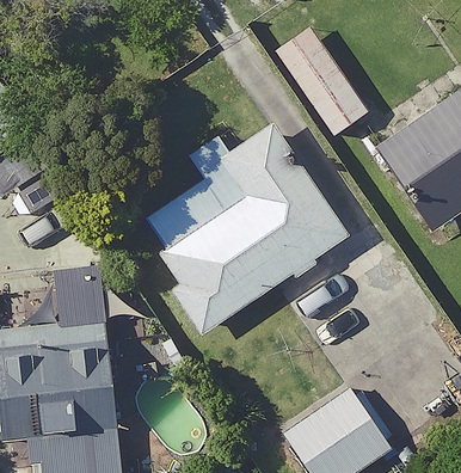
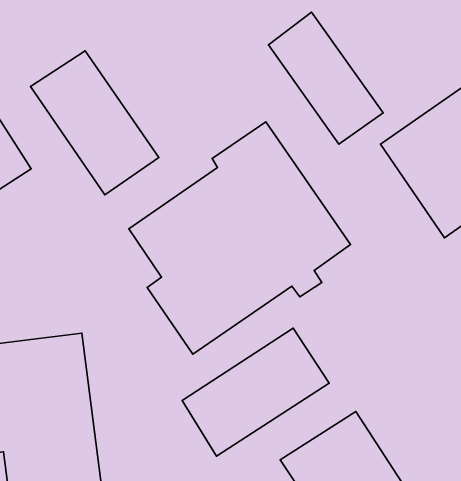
building: none -> [31,51,159,195]
building: none -> [182,328,329,456]

